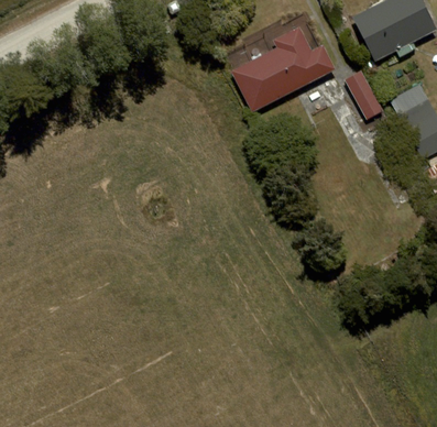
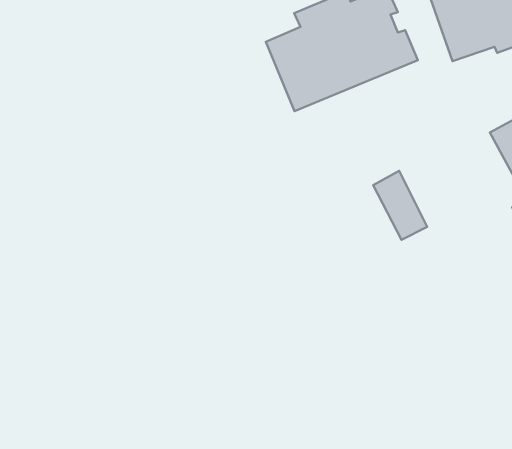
building: [342,69,385,121] -> [373,171,427,240]

